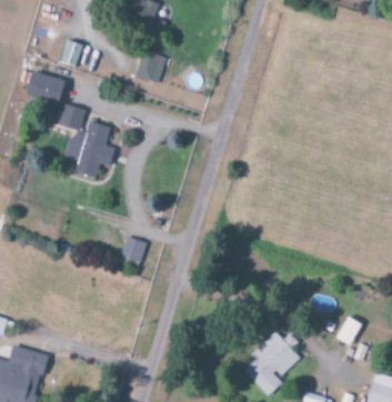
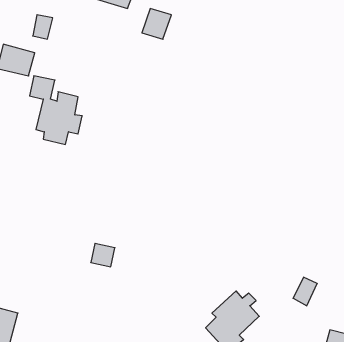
building: [135,50,167,82] -> [142,9,171,39]
building: [121,237,147,261] -> [91,243,115,267]

